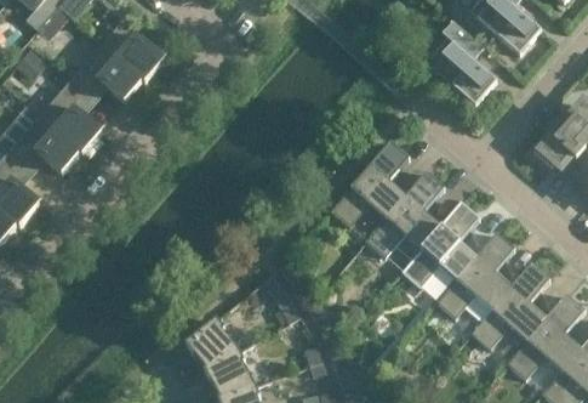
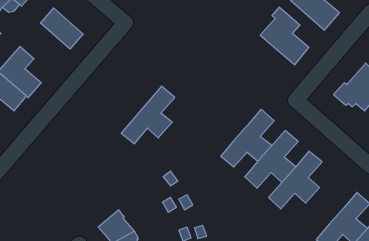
building: [70,44,142,102] -> none
building: [331,141,410,226] -> [121,86,175,144]
building: [472,263,550,348] -> none

